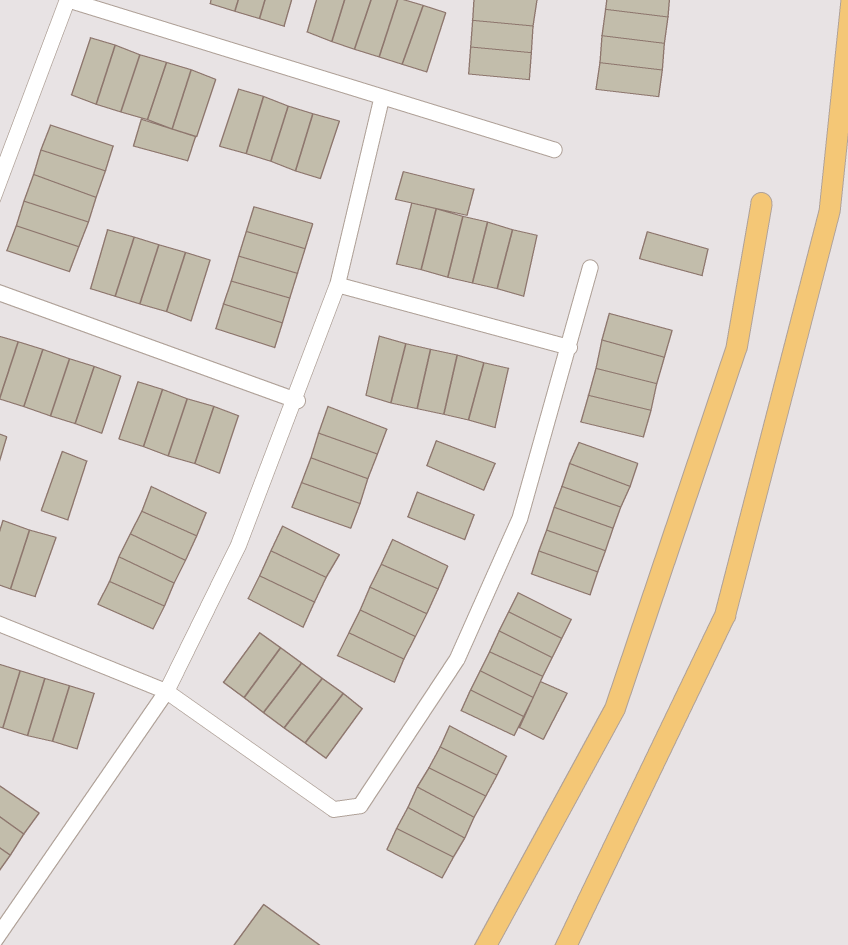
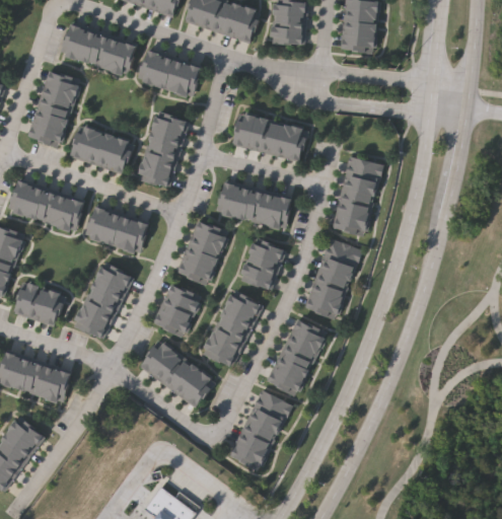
building: [134,119,196,161] -> none
building: [396,172,474,215] -> none
building: [640,232,708,276] -> [346,156,382,179]
building: [41,452,87,520] -> [40,290,64,326]
building: none -> [243,251,279,278]
building: [519,681,567,739] -> none

